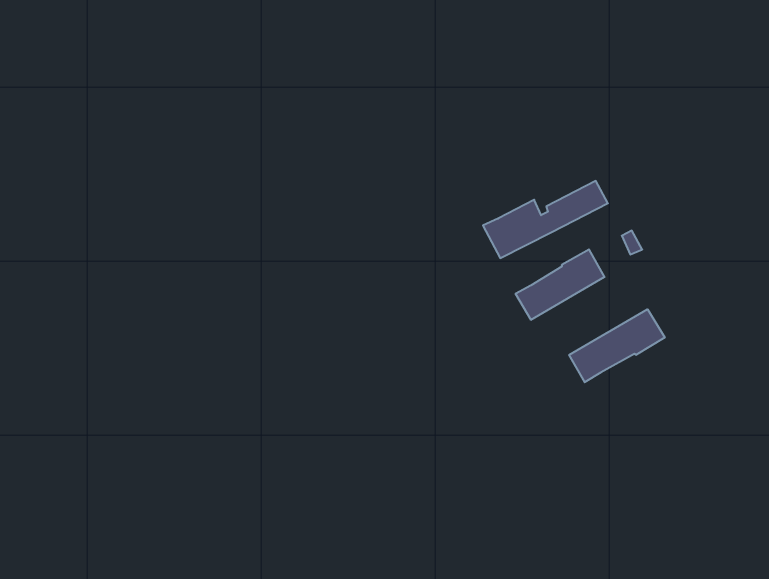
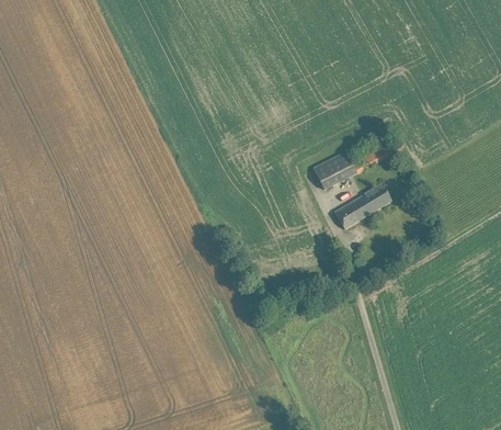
building: [569,309,665,382] -> none

